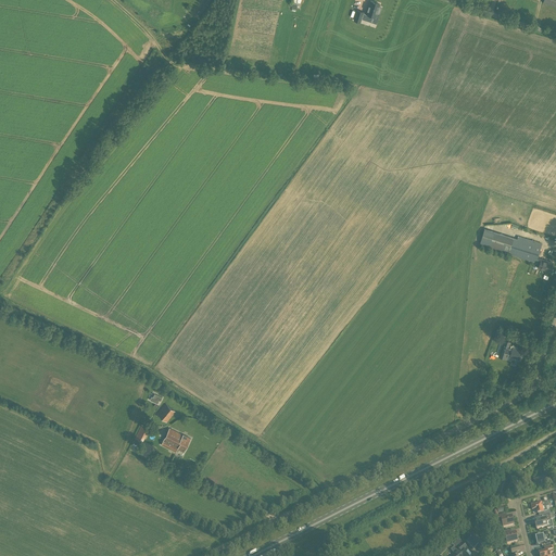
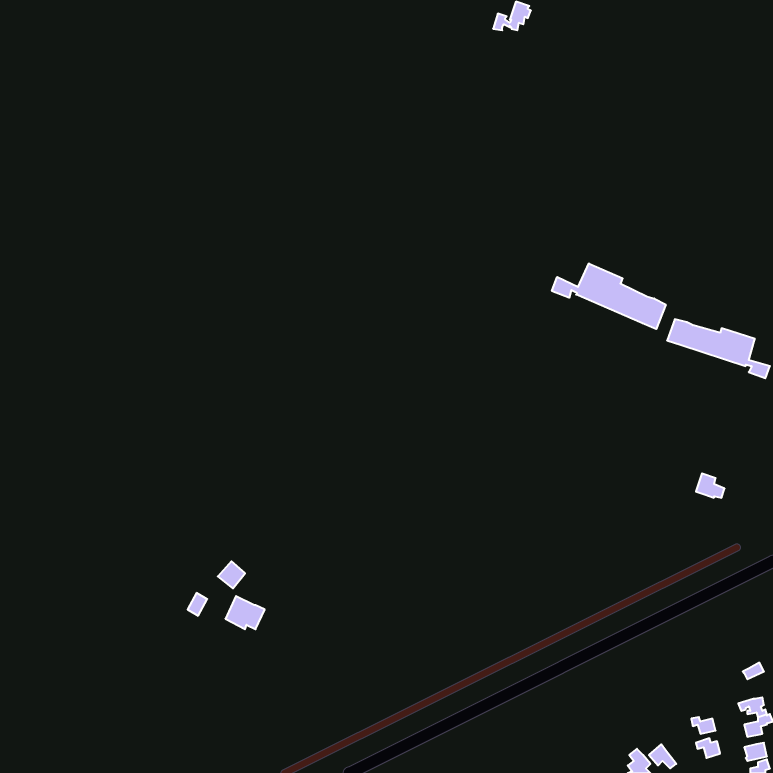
building: none -> [552,263,666,329]

